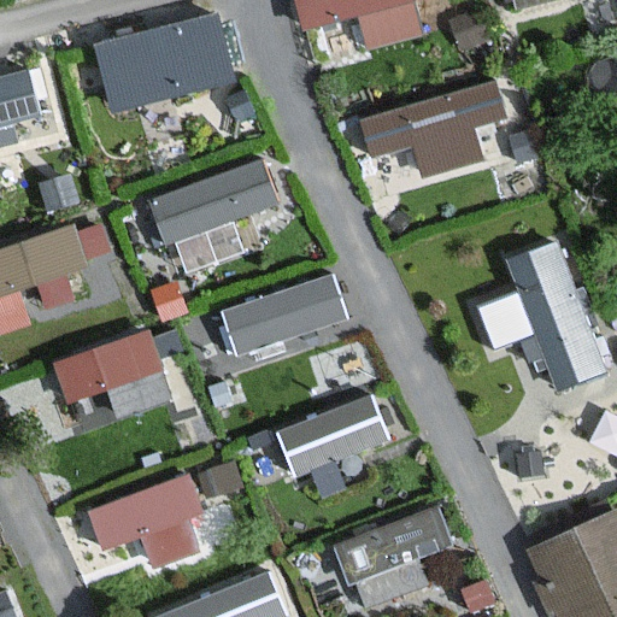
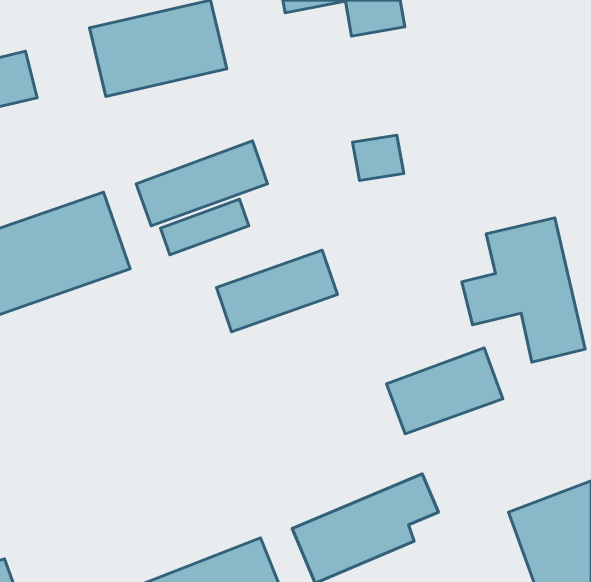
building: [351,87,507,180] -> none
building: [64,340,166,422] -> none
building: [274,392,394,481] -> [386,348,503,434]
building: [83,476,205,575] -> none

